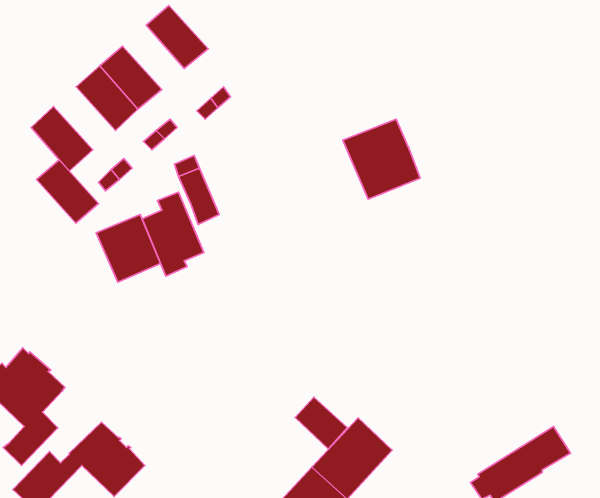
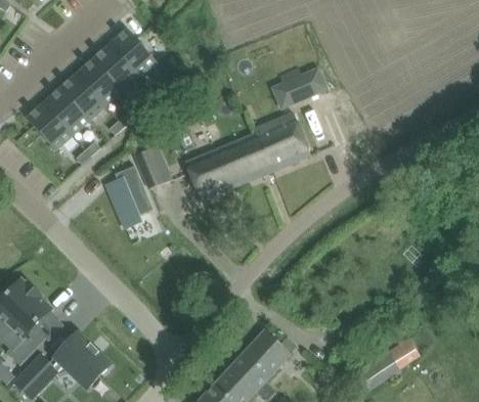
building: none -> [92,44,137,91]
building: none -> [278,66,325,104]
building: none -> [184,133,271,200]
building: [37,160,98,223] -> [42,89,87,135]
building: [96,214,161,282] -> none
building: [295,397,347,449] -> none

